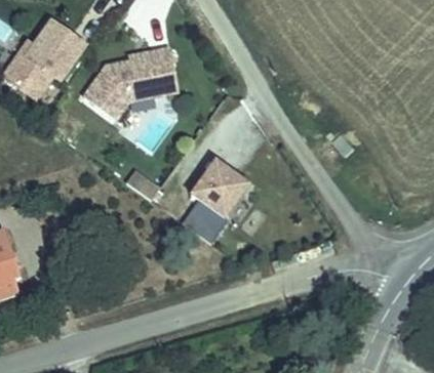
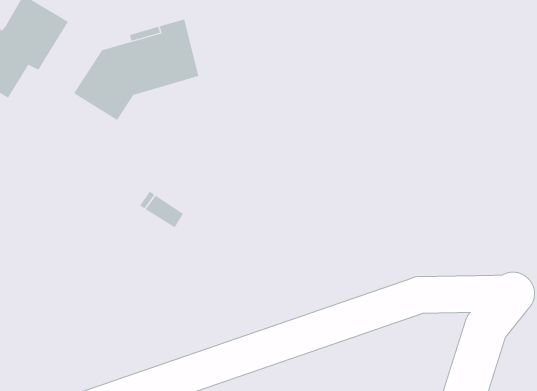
building: [184,161,249,244] -> none

